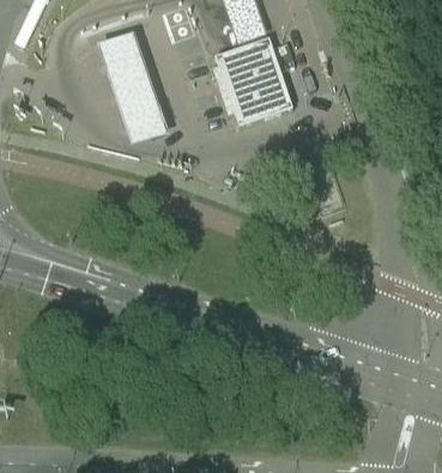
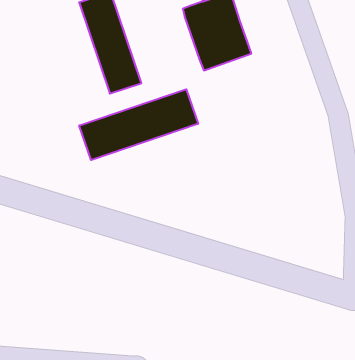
building: none -> [79,89,198,160]

